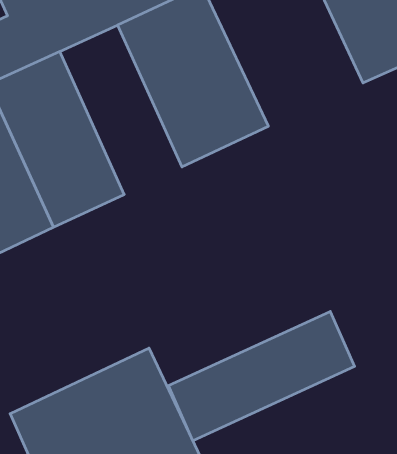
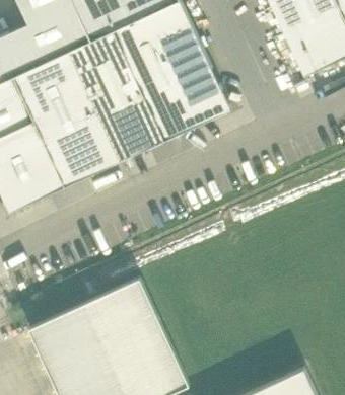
building: none -> [69,29,163,160]
building: [169,311,355,441] -> none

